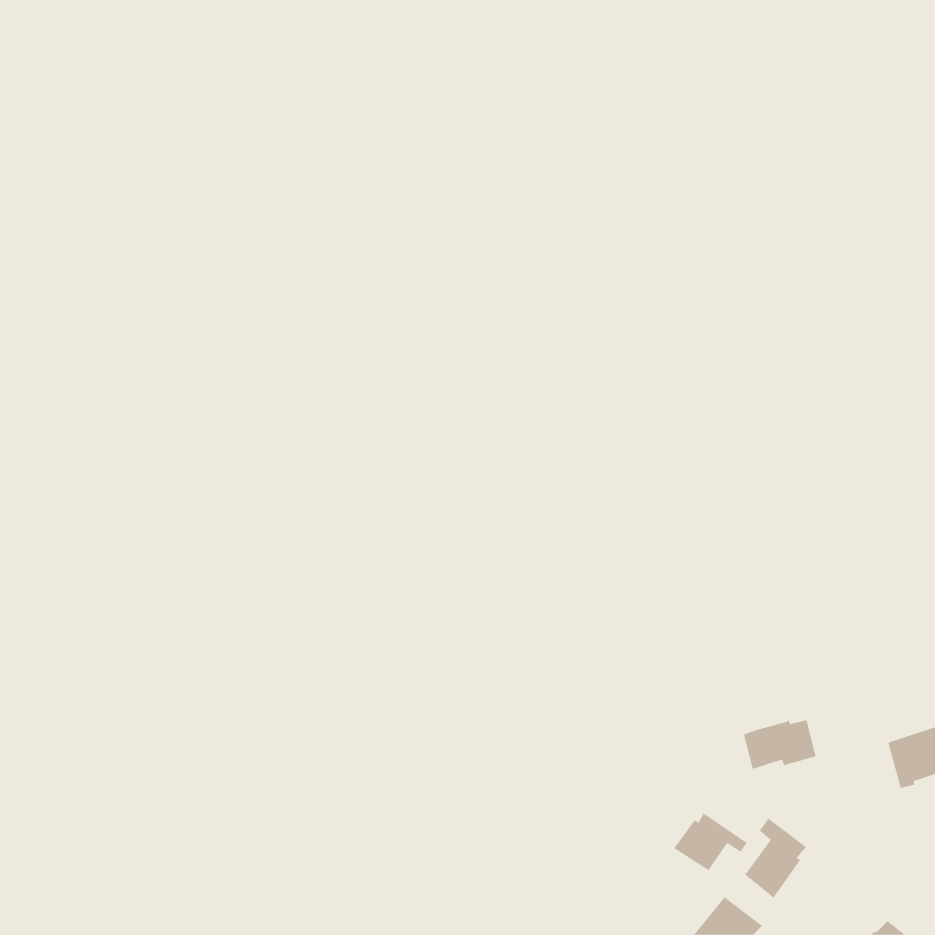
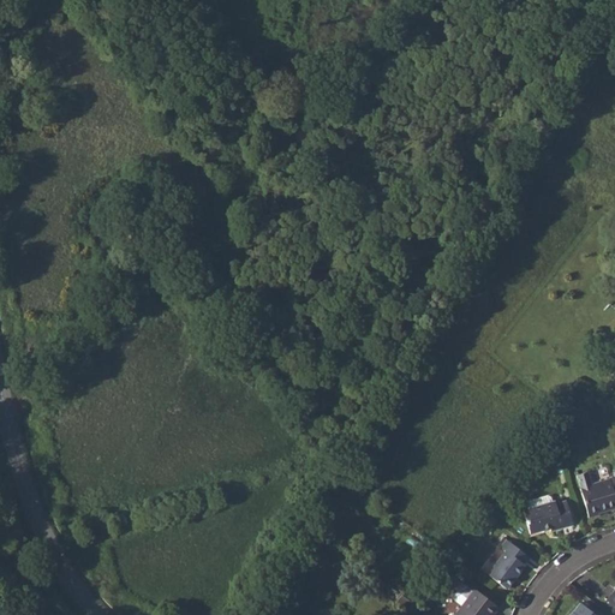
building: [743,720,816,769] -> [525,500,573,532]
building: [674,813,747,871] -> none

